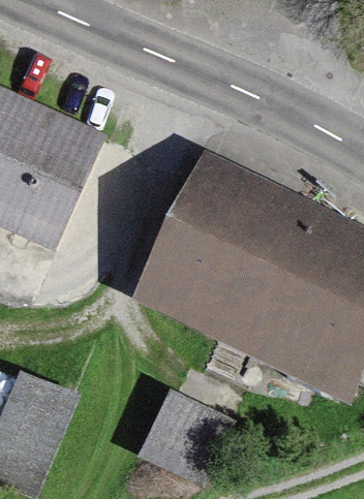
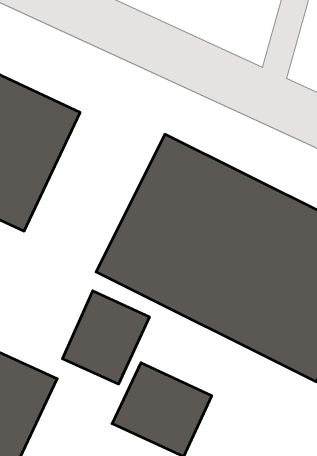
building: none -> [62,291,149,384]

